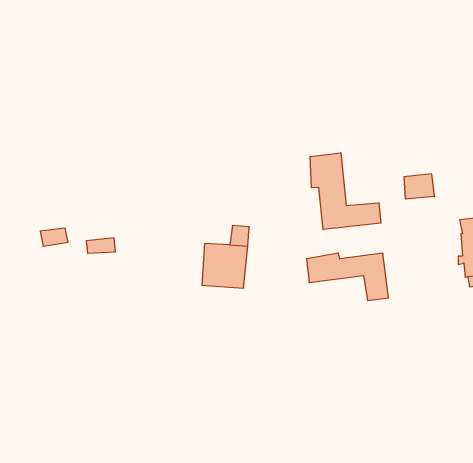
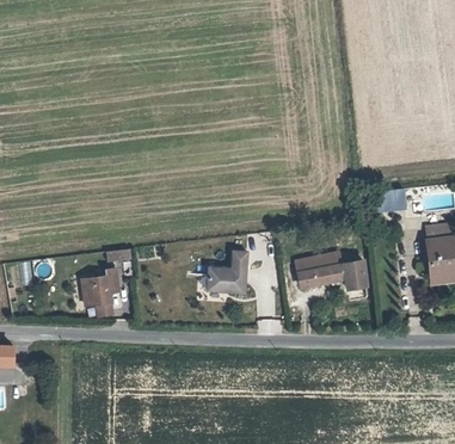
building: [310,153,381,230] -> none
building: none -> [79,269,116,304]

